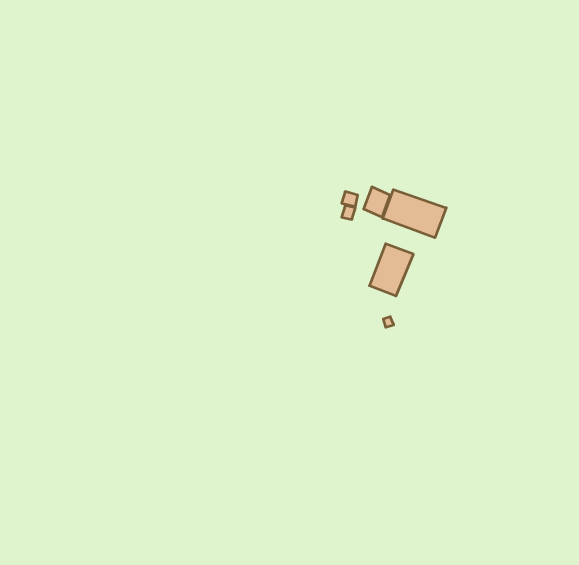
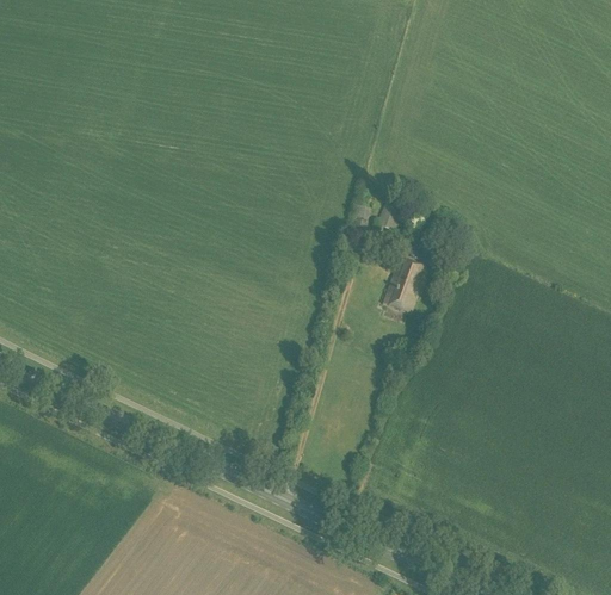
building: [383,190,446,238] -> none

